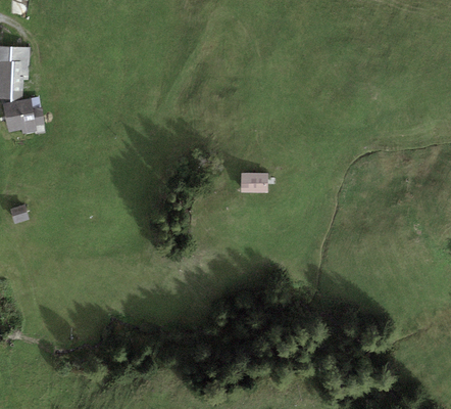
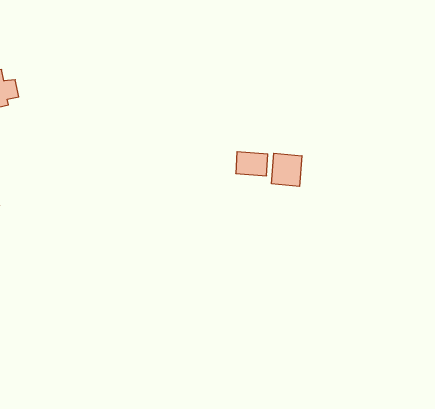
building: none -> [272,153,302,186]

